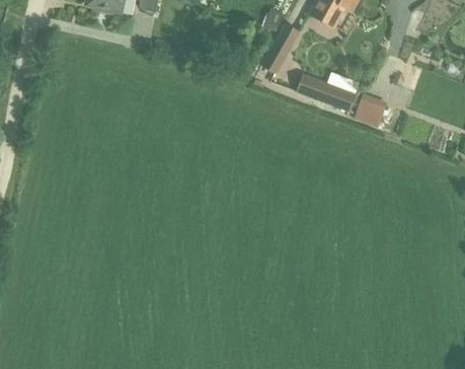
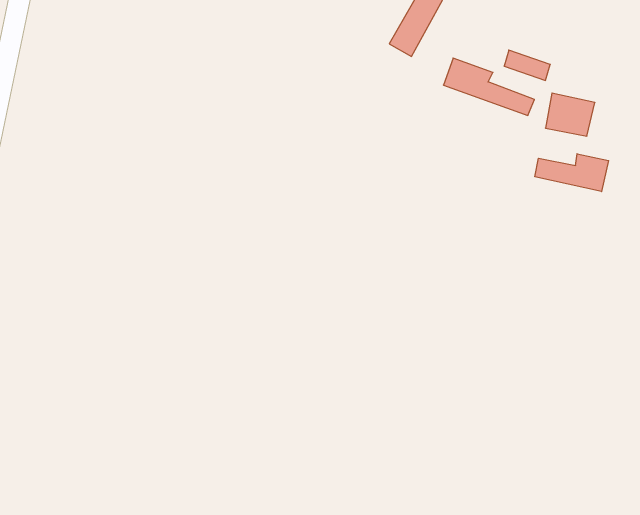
building: none -> [535,154,609,192]

